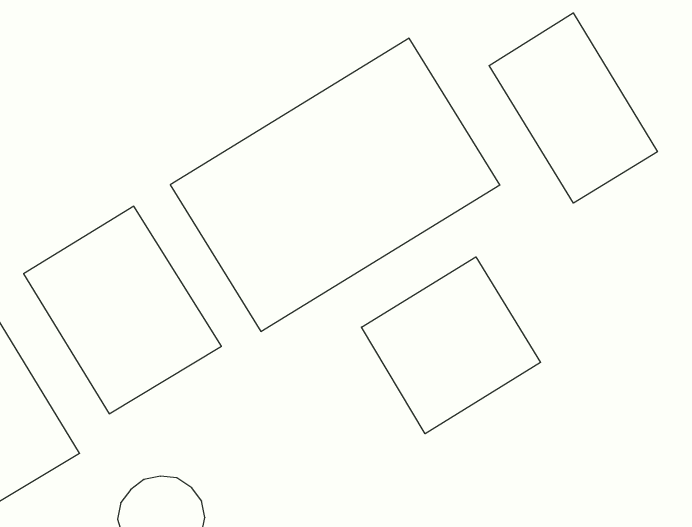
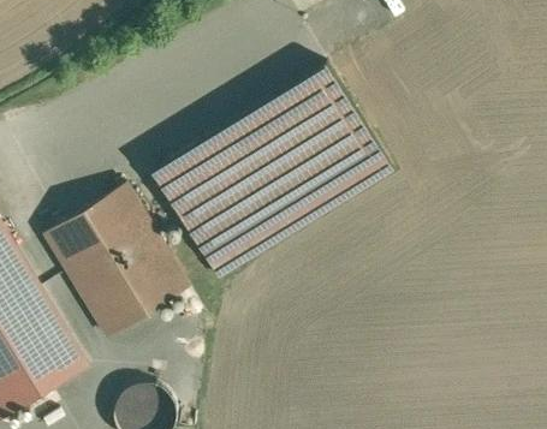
building: [489,13,657,203] -> none
building: [361,257,541,434] -> none

